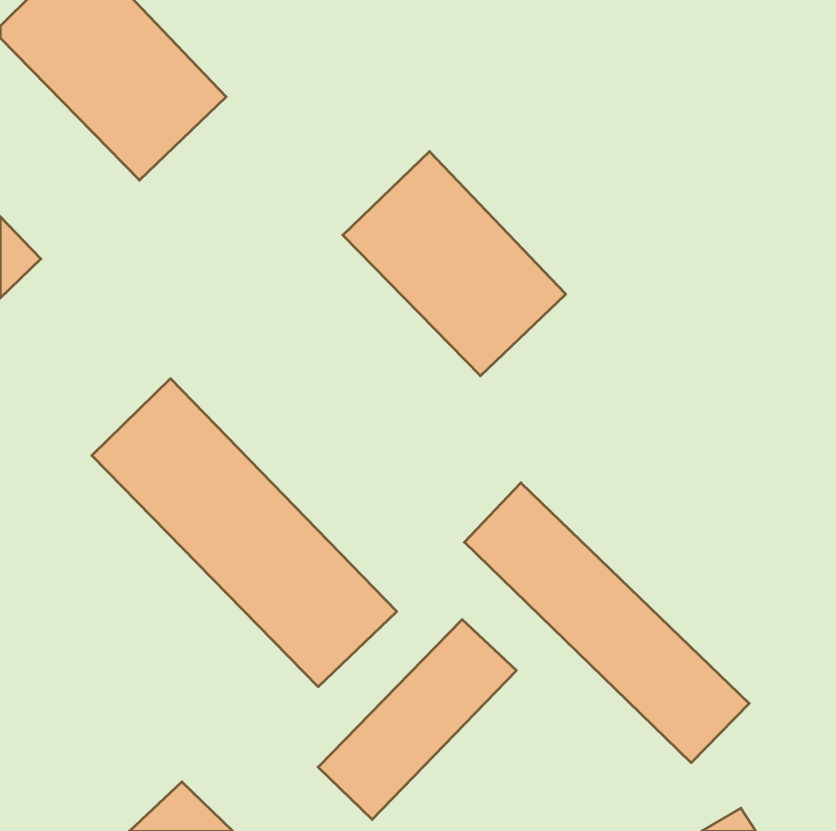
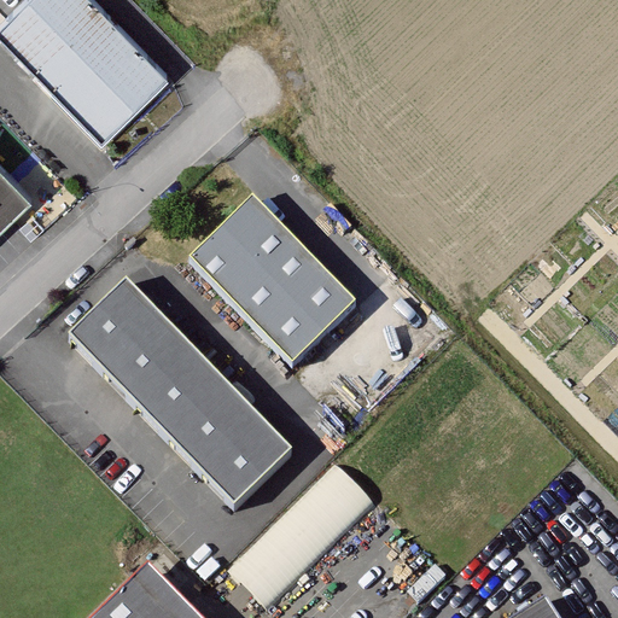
building: [343,151,566,376] -> [192,198,356,363]
building: [464,483,749,763] -> none

